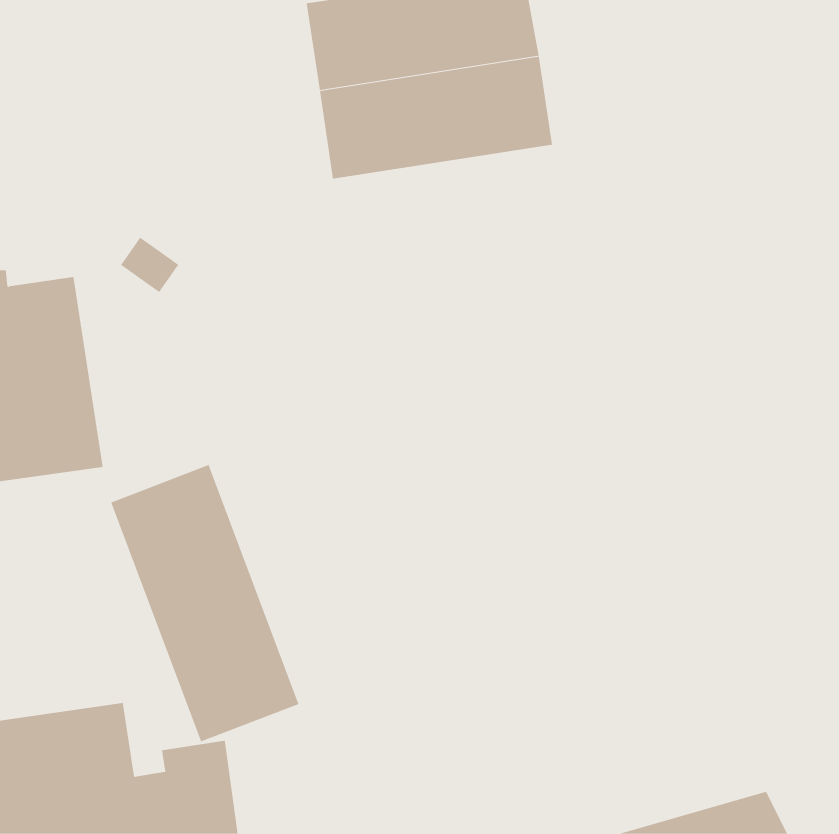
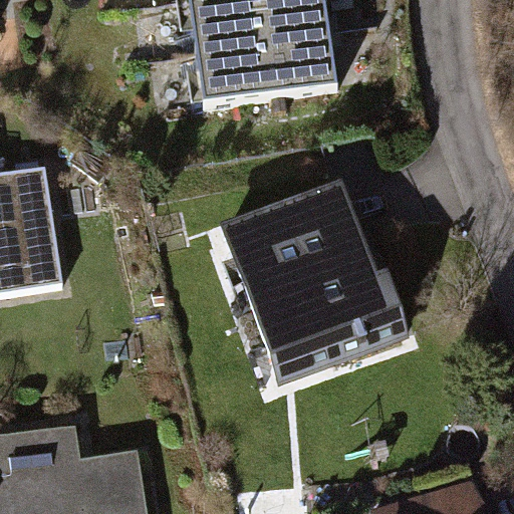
building: none -> [228,194,404,378]
building: [110,464,299,742] -> none

